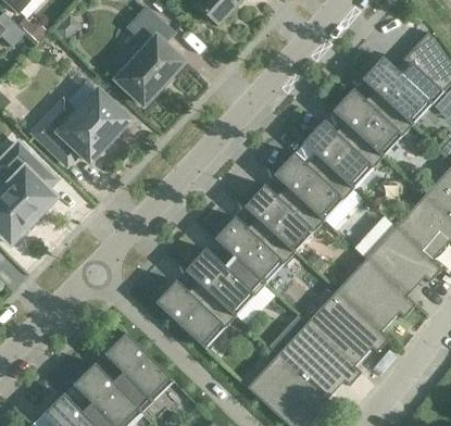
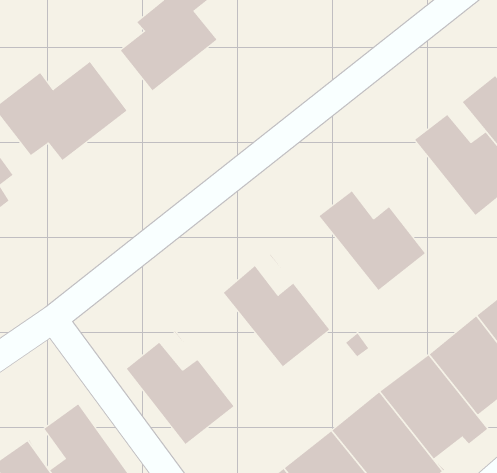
building: [302,110,383,188] -> none
building: [243,174,323,252] -> none
building: [185,238,264,316] -> none

